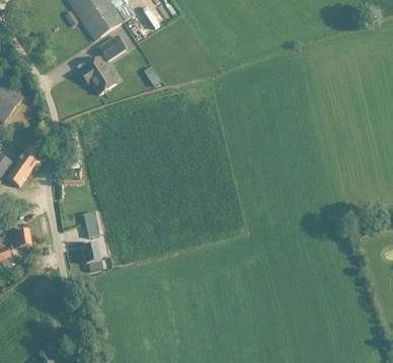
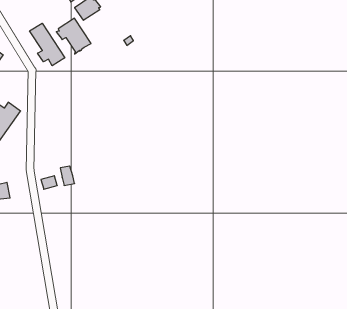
building: none -> [30,23,65,66]
building: [82,243,102,270] -> none

